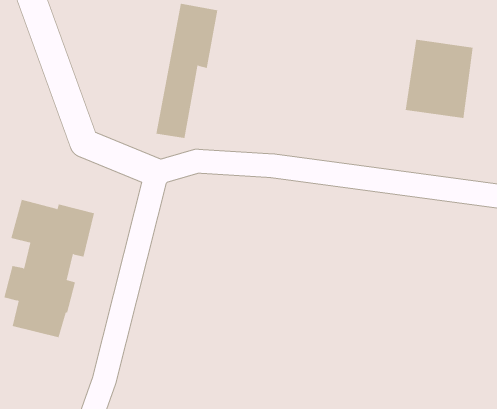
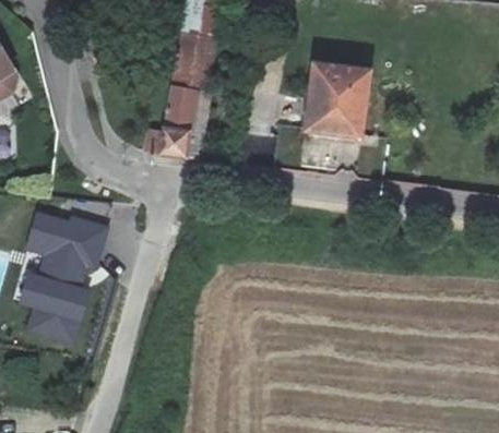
building: [405,39,474,119] -> [307,61,370,134]

